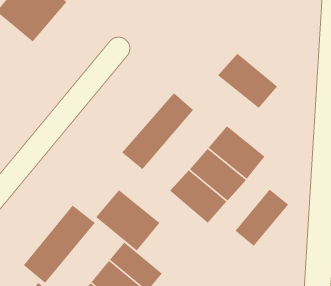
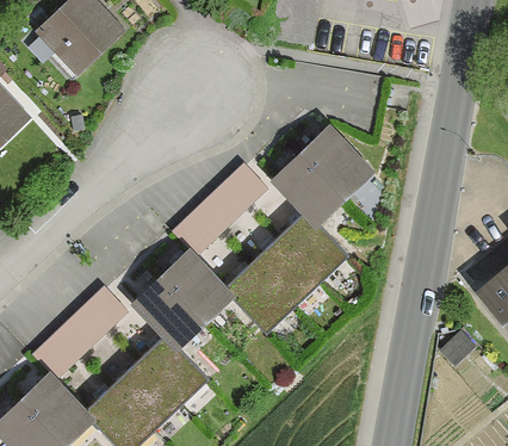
building: none -> [272,144,348,221]
building: none -> [163,247,234,318]
building: [234,188,289,247] -> none

